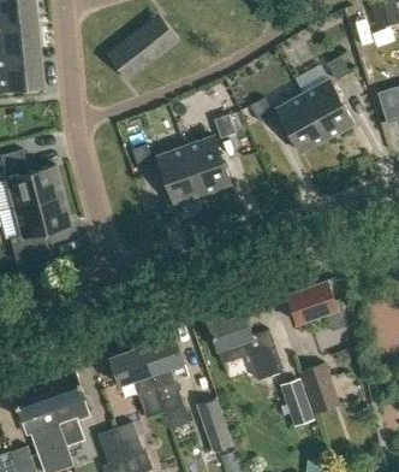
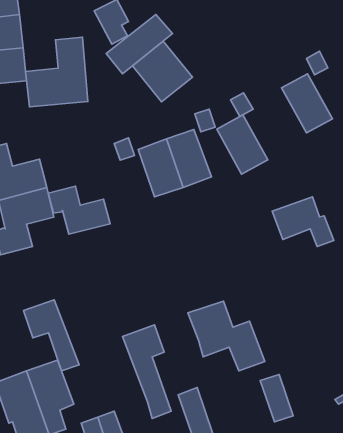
building: none -> [26,37,88,107]
building: none -> [132,41,192,102]
building: [275,94,327,154] -> [217,115,268,174]
building: none -> [48,186,110,234]
building: [286,281,349,331] -> [272,197,334,247]
building: [109,347,166,419] -> [23,300,79,371]
building: [300,370,339,420] -> none

